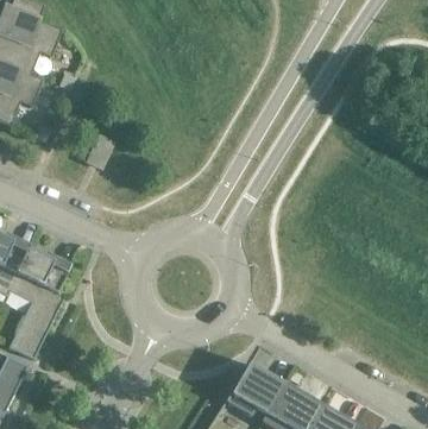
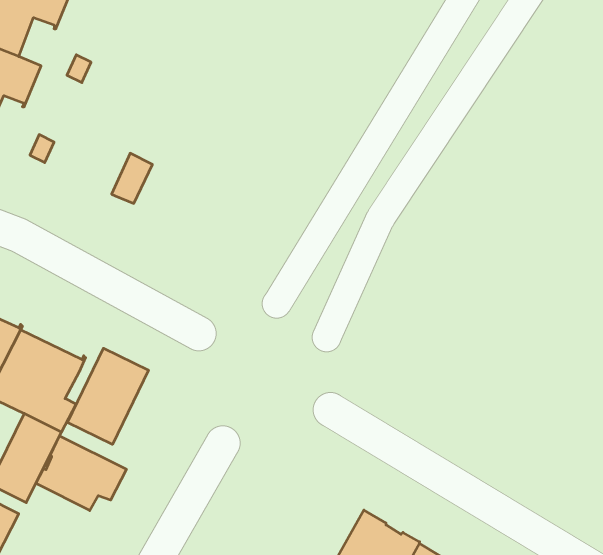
building: none -> [67,348,148,444]
building: none -> [36,436,126,511]

